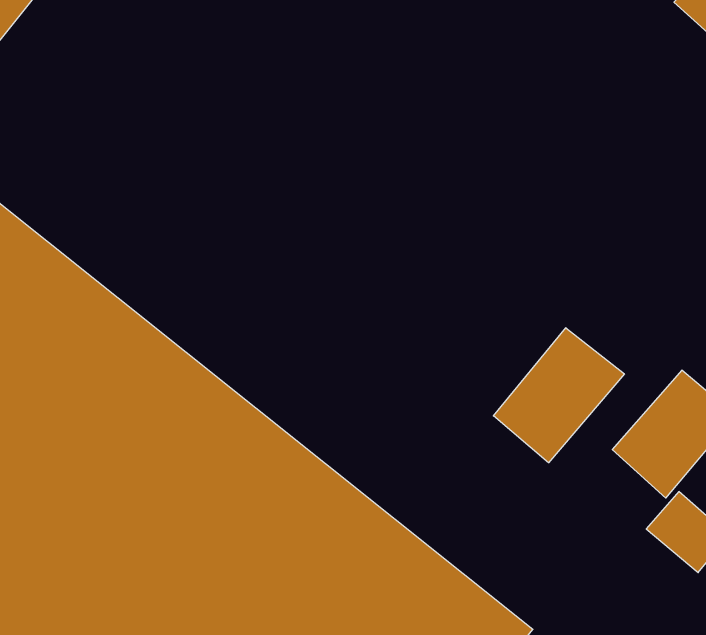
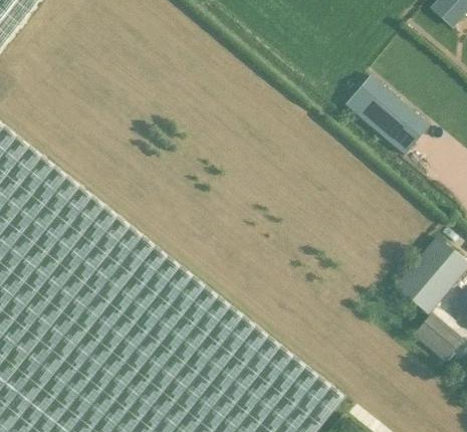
building: none -> [344,76,428,155]
building: [493,328,624,463] -> none

